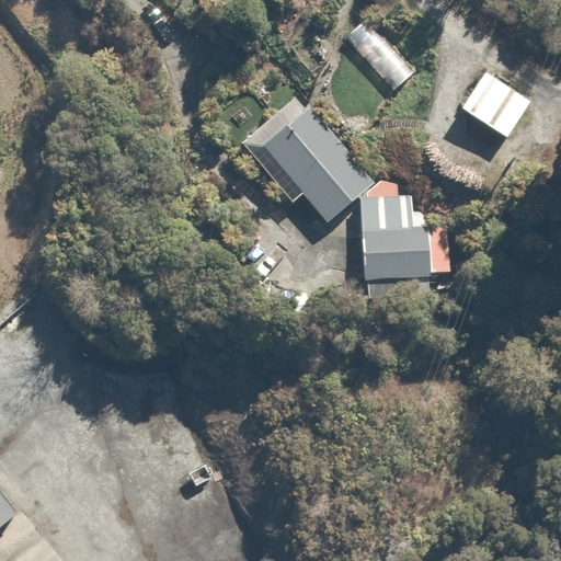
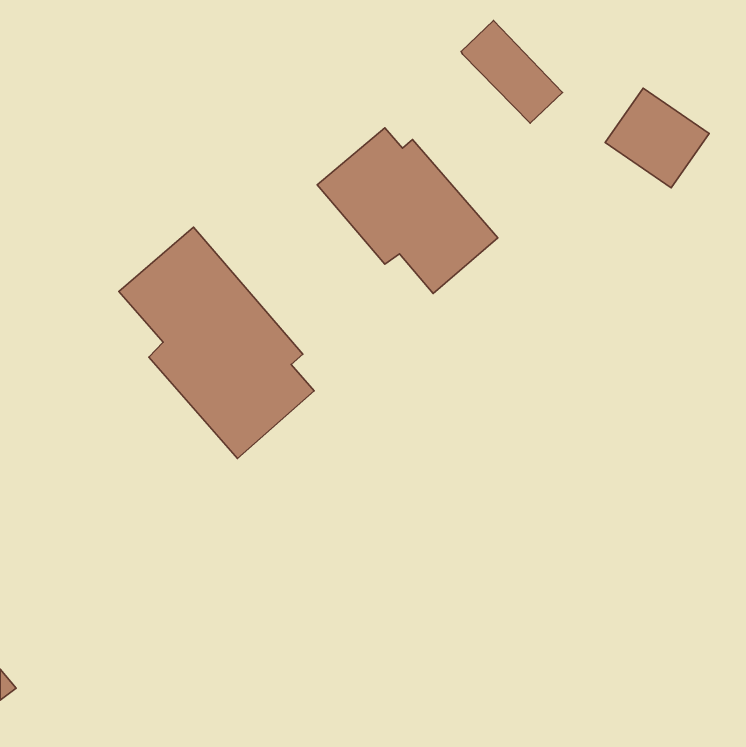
building: none -> [119,227,314,458]
building: [362,207,450,280] -> none

